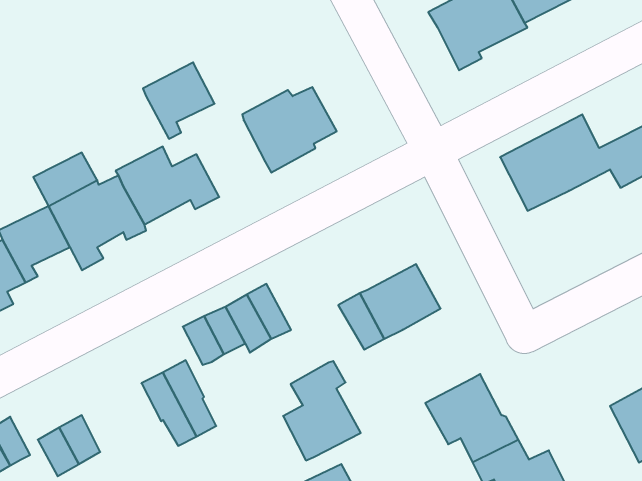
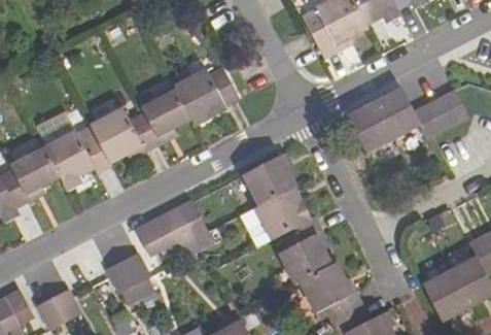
building: [143,62,215,139] -> [142,90,190,141]
building: none -> [243,155,295,204]
building: [283,361,361,460] -> [278,215,330,282]

